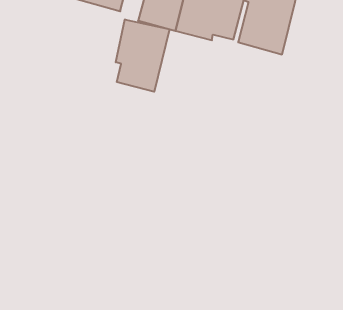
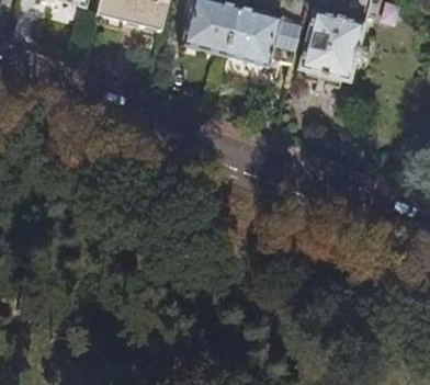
building: [116,19,170,92] -> none

